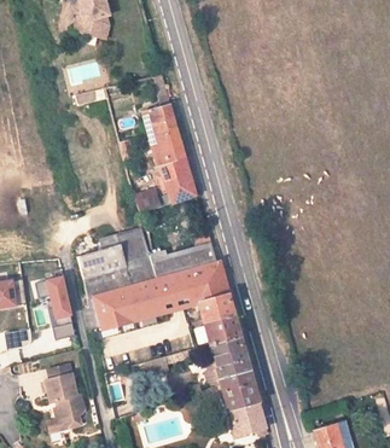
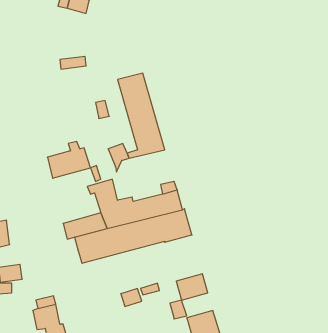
building: [72,240,122,283] -> [47,141,90,178]
building: [46,279,74,322] -> none
building: [196,296,239,349] -> none
building: [215,362,251,391] -> none

